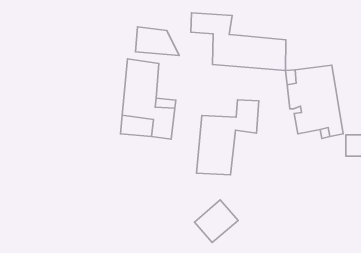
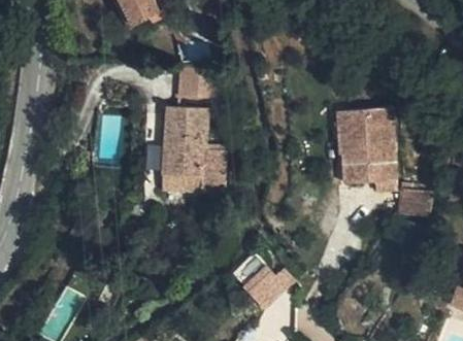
building: [191,13,286,71] -> none
building: [196,100,259,175] -> none

